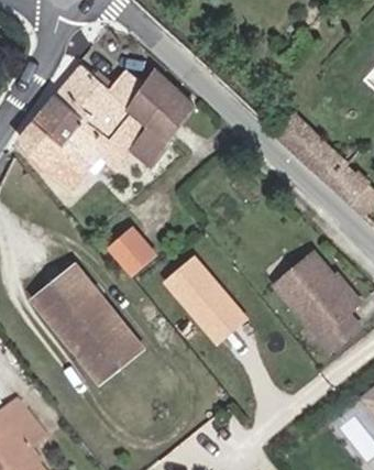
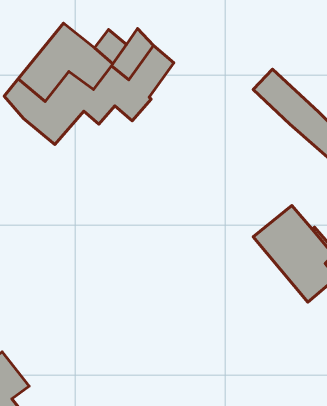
building: [109,229,153,273] -> none
building: [163,251,251,342] -> none
building: [32,264,142,382] -> none

